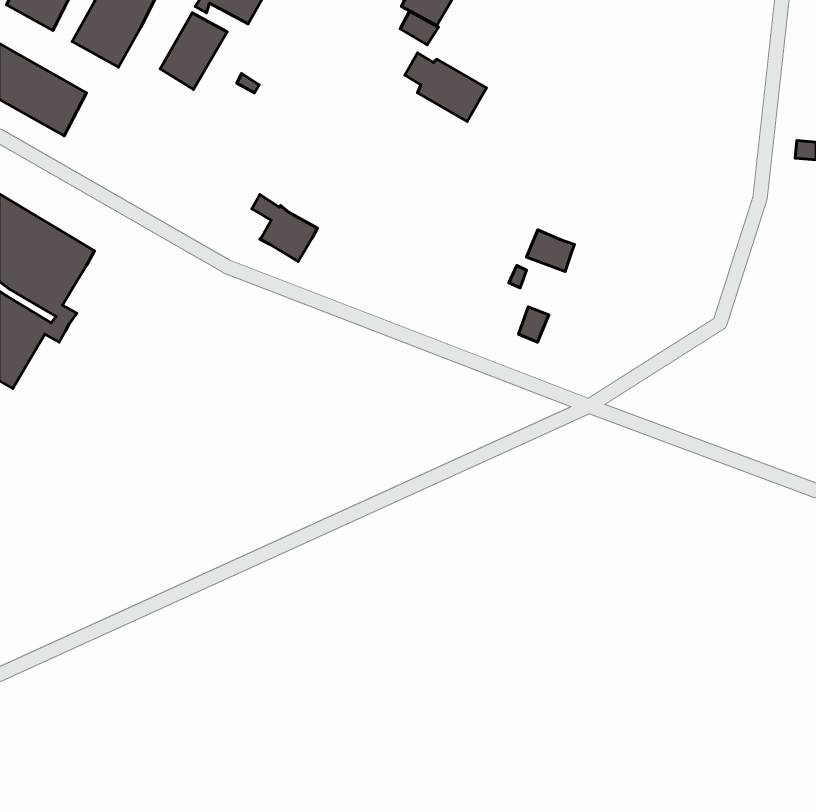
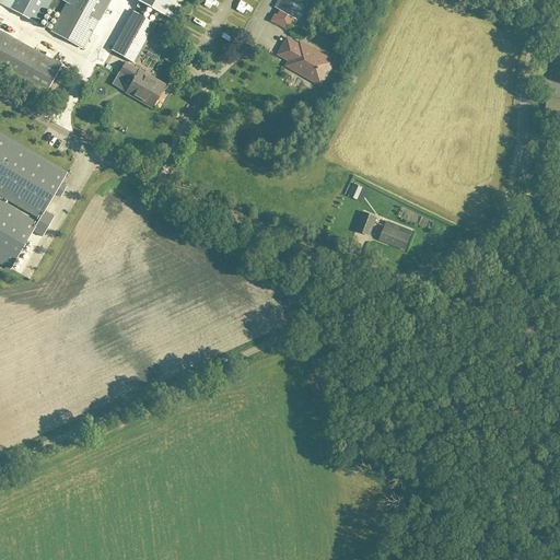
building: [252,194,317,262] -> [118,60,163,106]
building: [527,230,575,272] -> [377,219,410,247]

